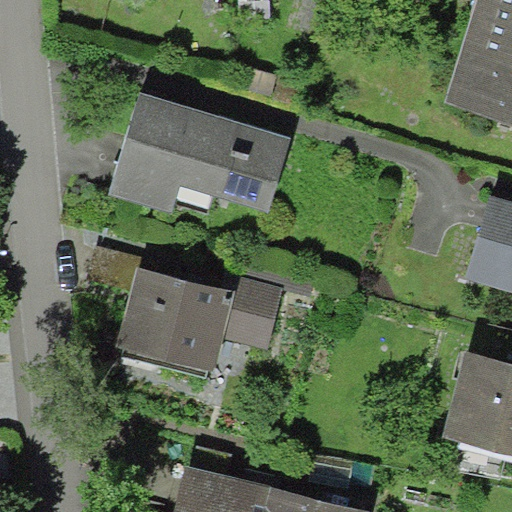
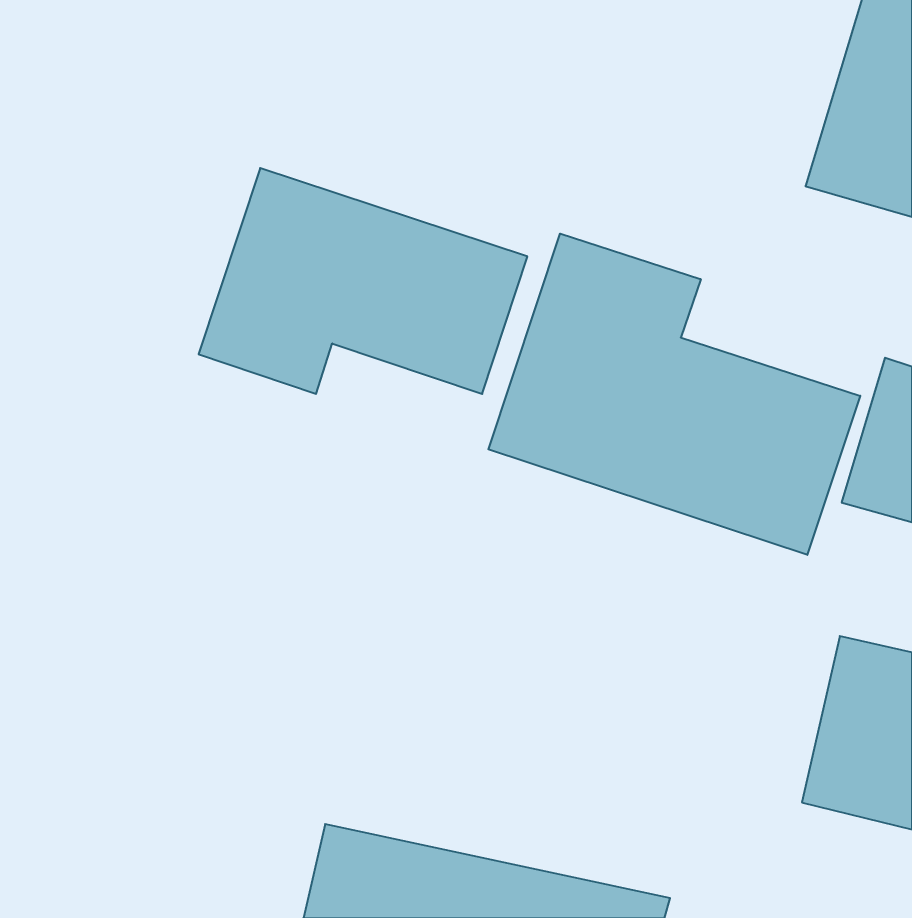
building: none -> [488,234,860,555]
building: [118,273,284,380] -> none

